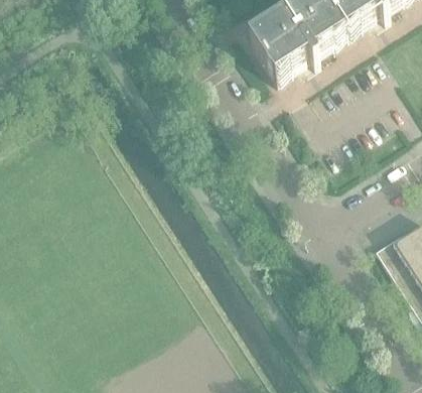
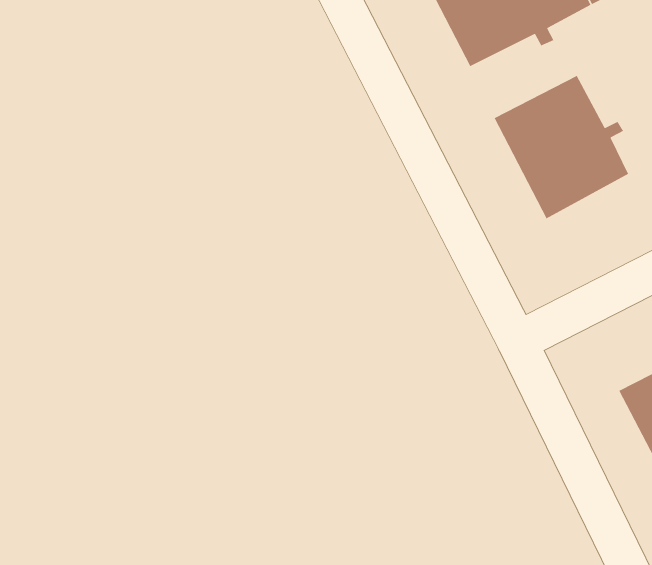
building: none -> [494,75,629,220]

